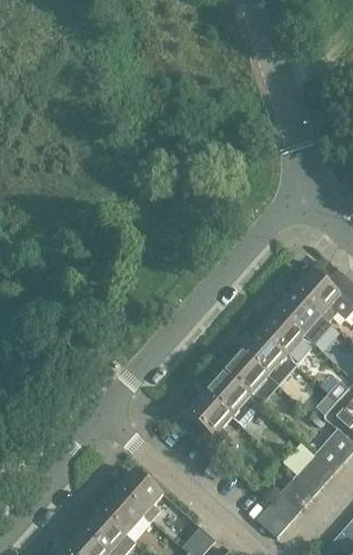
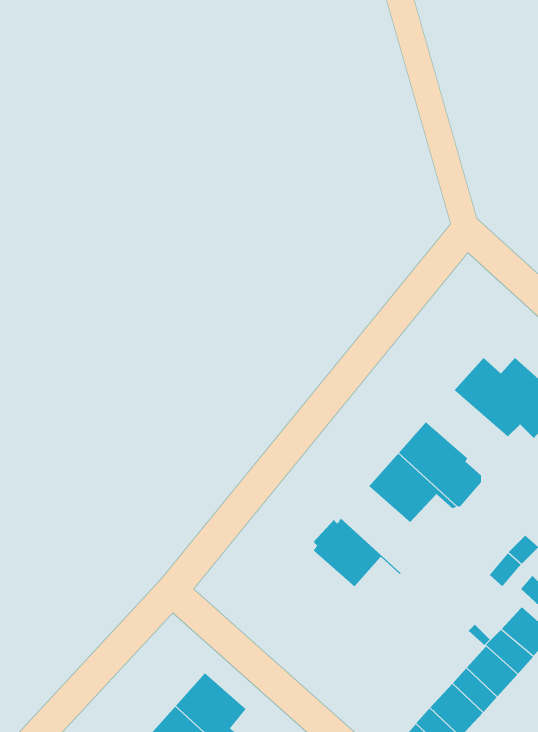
building: [276,289,334,344] -> none
building: [222,350,279,406] -> none
building: [185,392,231,443] -> none

